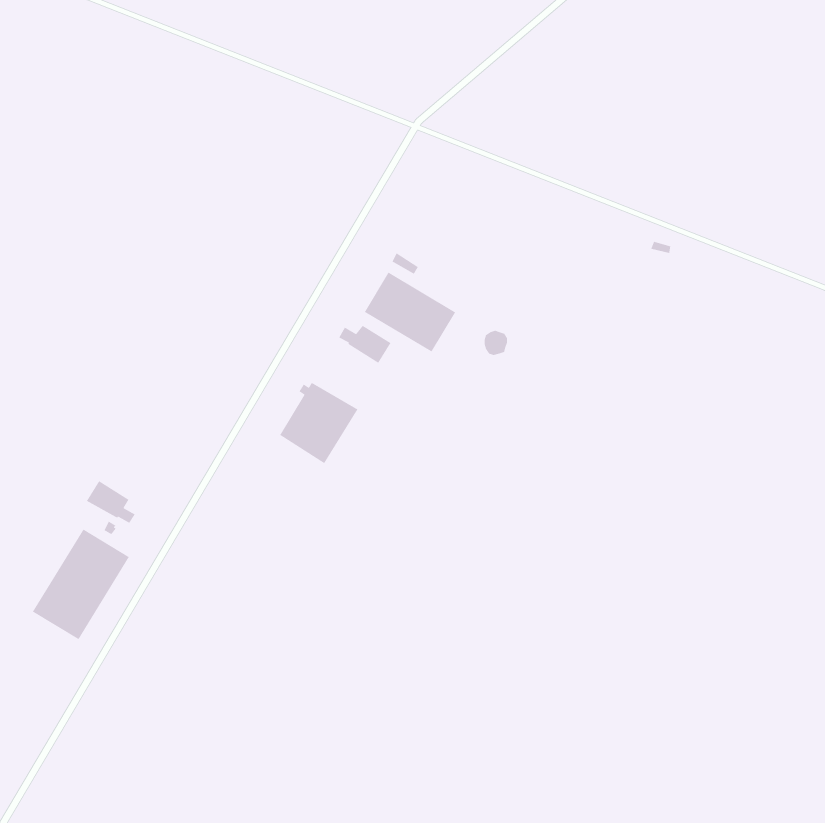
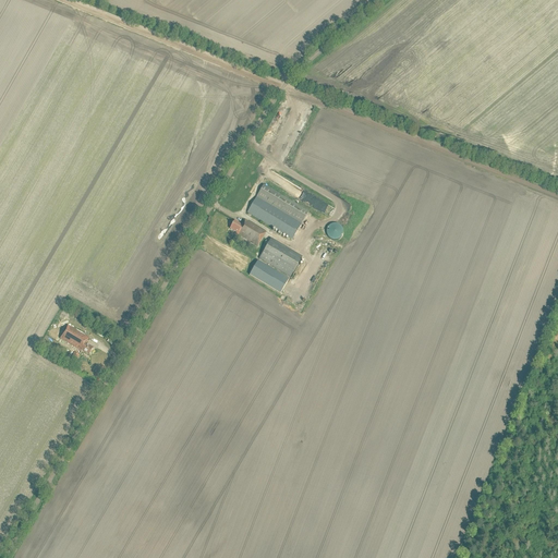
building: [279,382,358,464] -> [248,238,302,293]
building: [32,528,130,640] -> none

